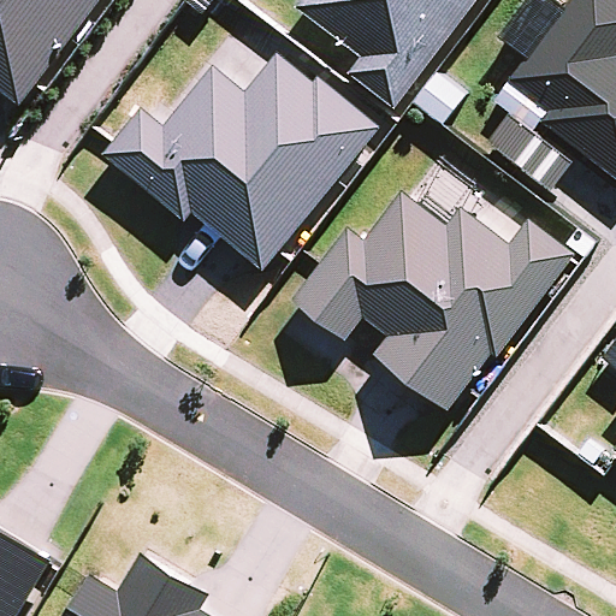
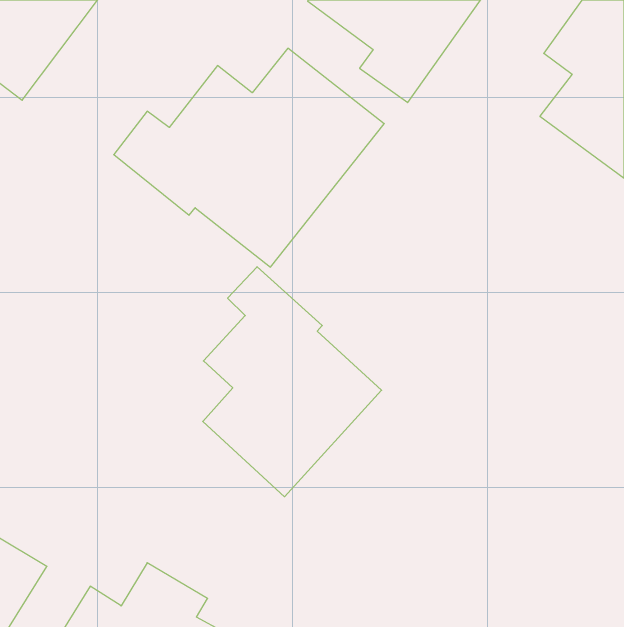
building: [301,190,578,404] -> none
building: none -> [203,267,382,497]

